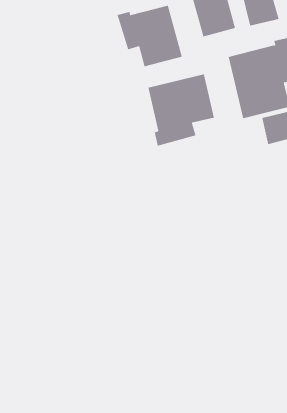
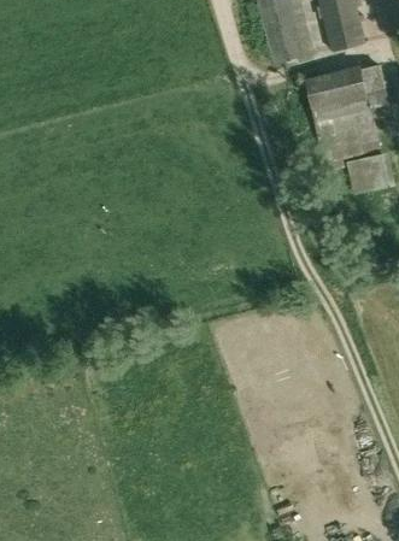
building: [117,5,182,67] -> none
building: [148,74,214,146] -> none

